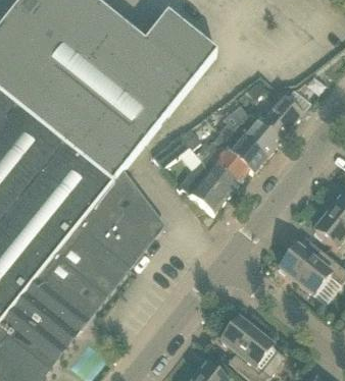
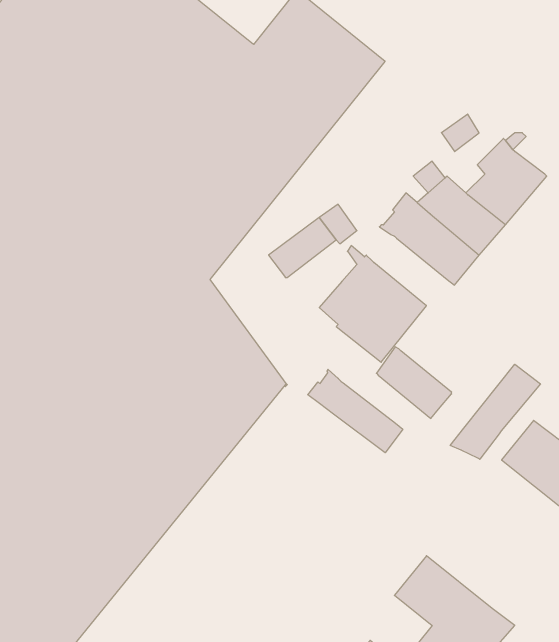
building: [208,143,249,181] -> [376,347,452,418]
building: none -> [450,364,540,459]
building: none -> [308,369,403,453]

